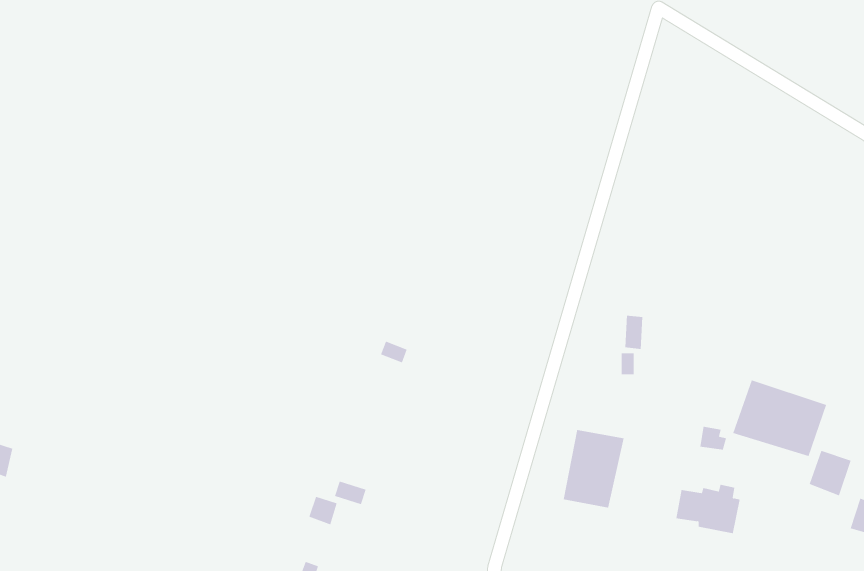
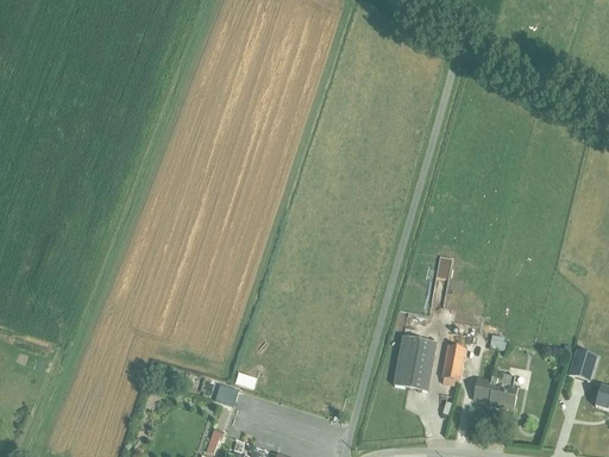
building: [733,379,827,457] -> none
building: none -> [441,344,465,384]

